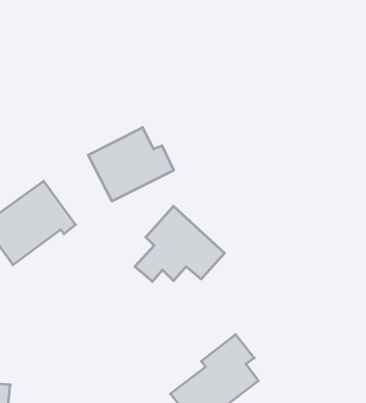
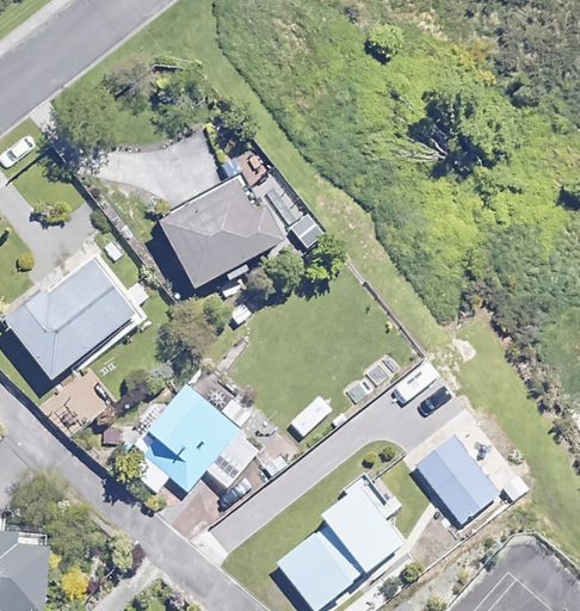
building: [135,206,225,282] -> [132,384,260,492]
building: none -> [414,436,499,524]

